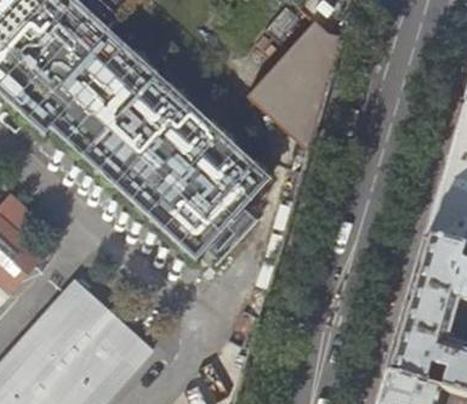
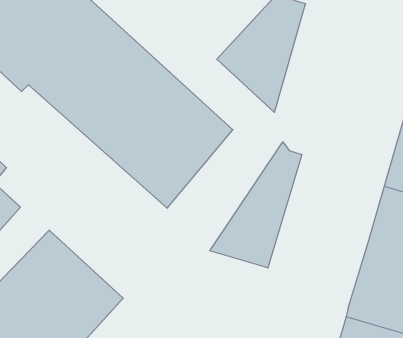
building: none -> [210,142,302,268]

